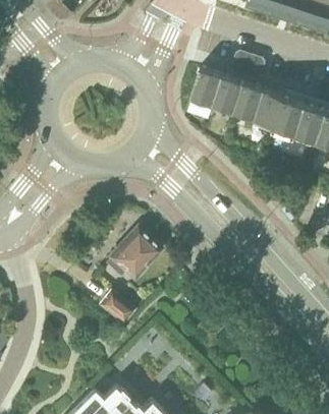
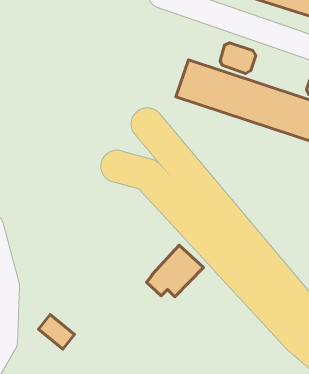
building: [105,228,160,278] -> [146,245,203,297]
building: [98,291,132,324] -> [39,315,74,349]

